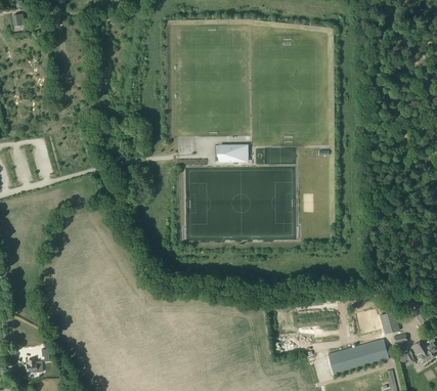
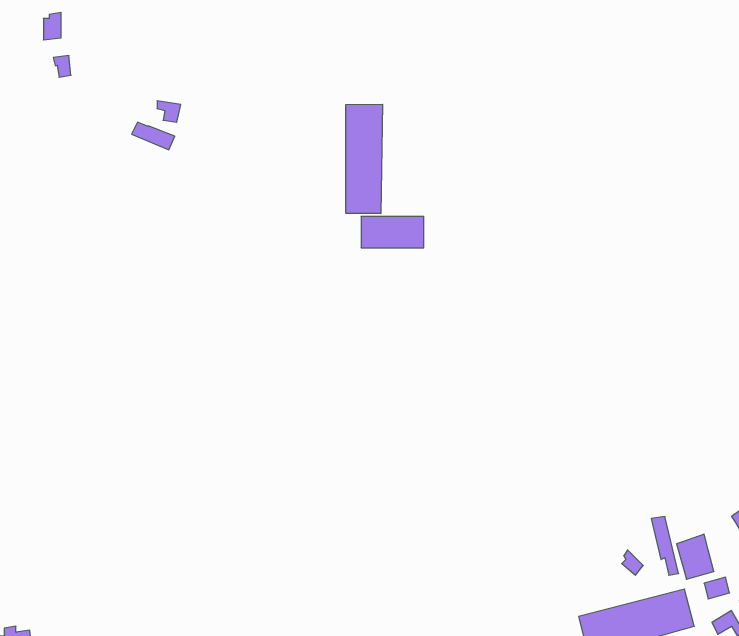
building: none -> [346,104,382,214]

